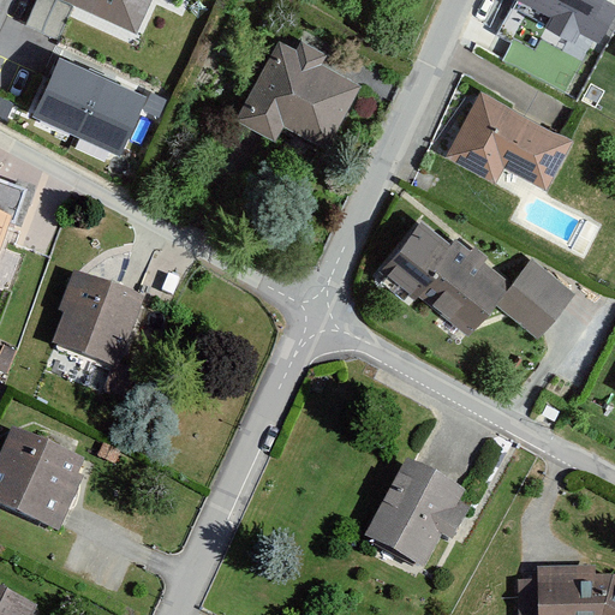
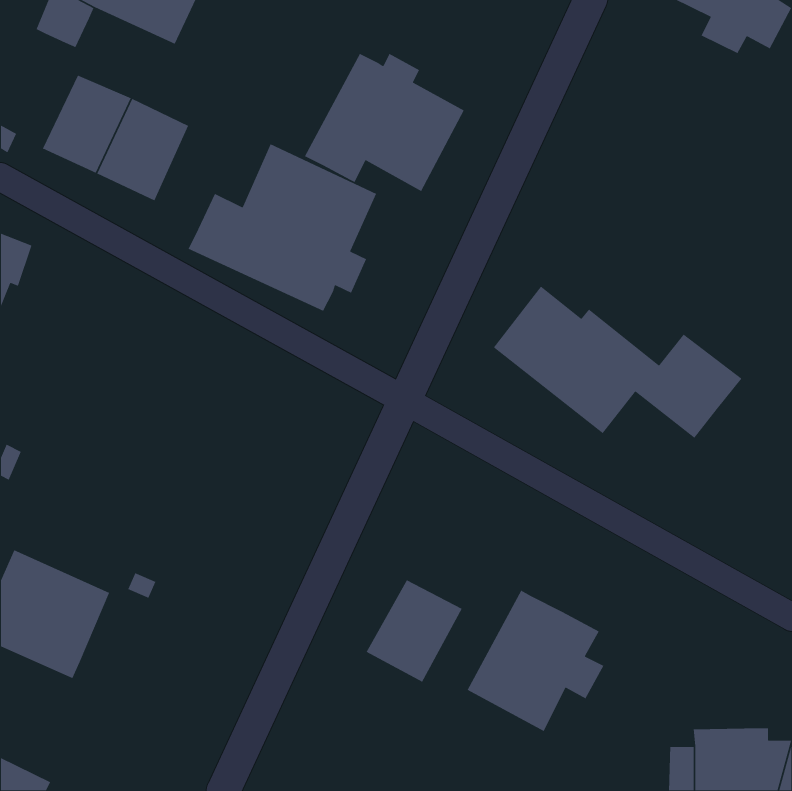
building: [446,92,572,190] -> none
building: none -> [187,143,377,312]
building: [52,270,143,368] -> none
building: none -> [365,579,463,683]

